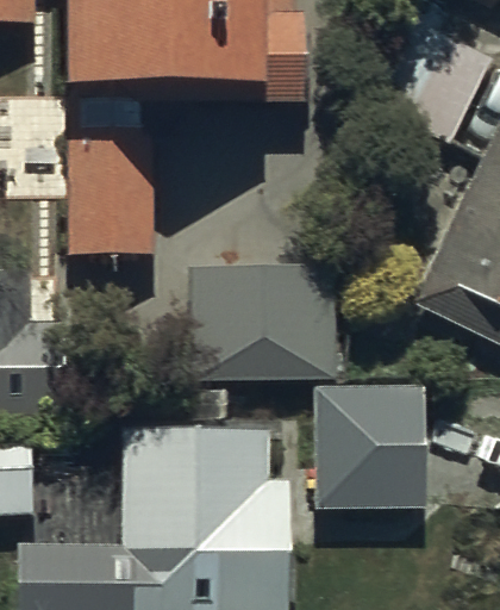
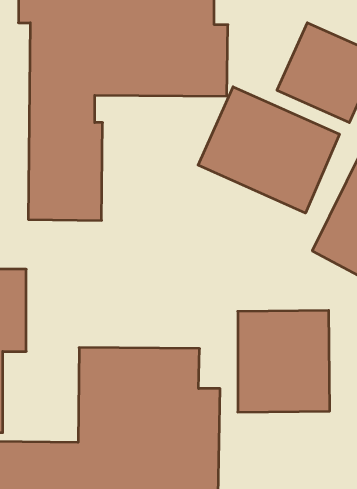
building: none -> [198,87,339,213]
building: [190,264,342,379] -> none

